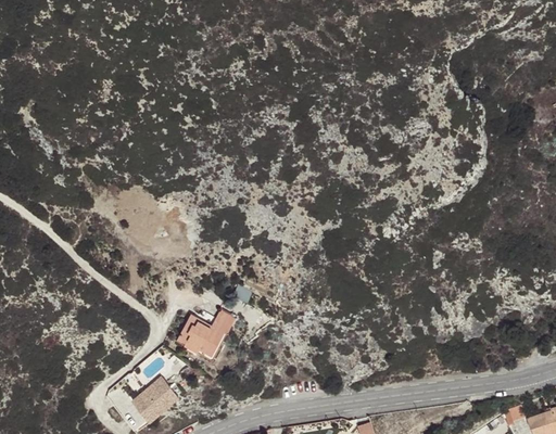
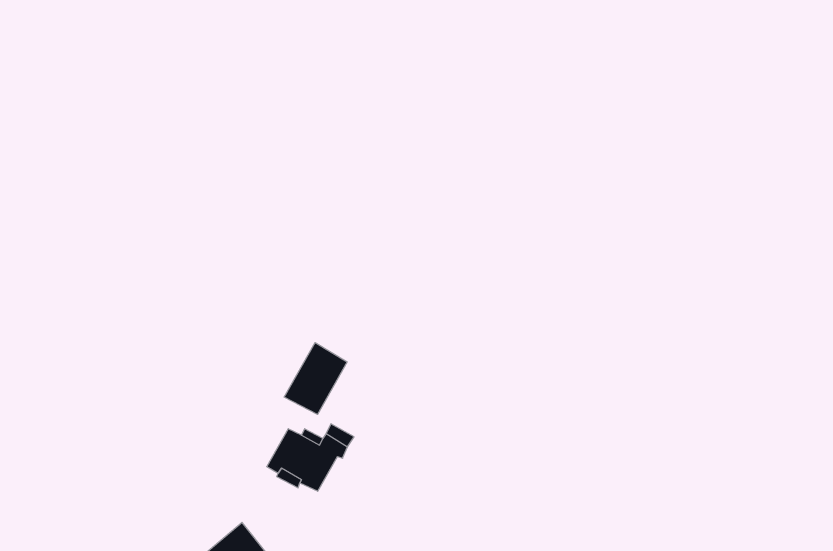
building: none -> [284,343,347,414]

